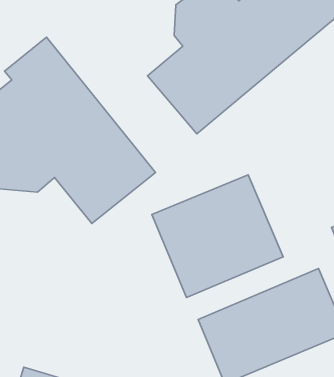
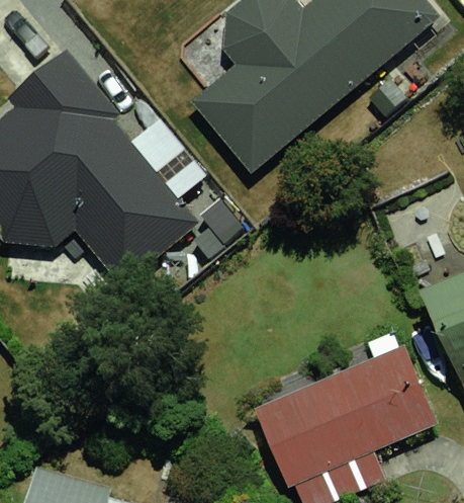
building: [152,175,283,297] -> none

